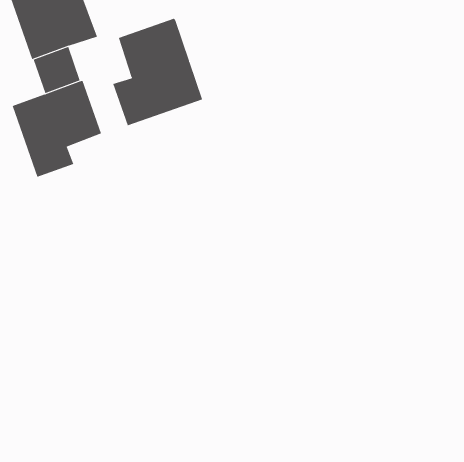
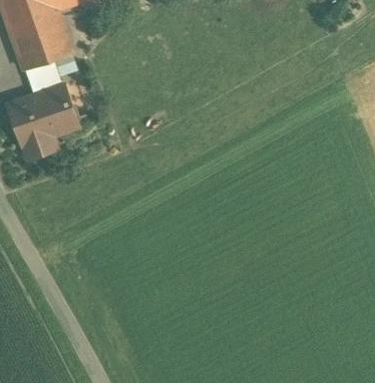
building: [113,18,203,126] -> none

